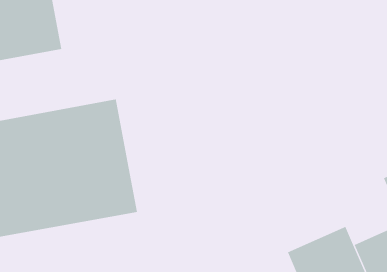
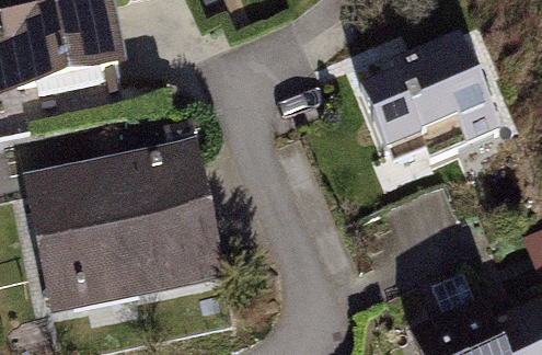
building: none -> [360,28,500,172]

